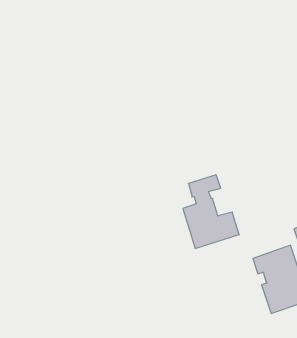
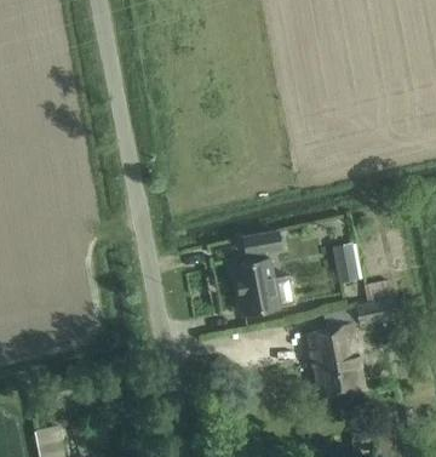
building: none -> [329,241,356,282]

